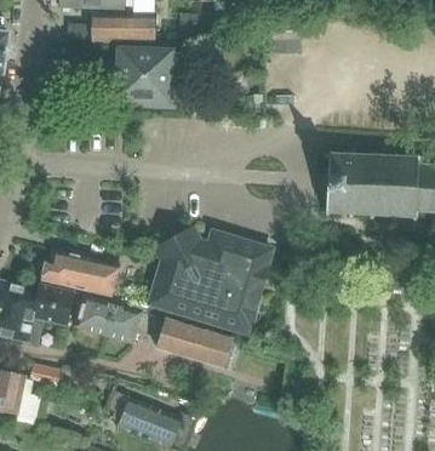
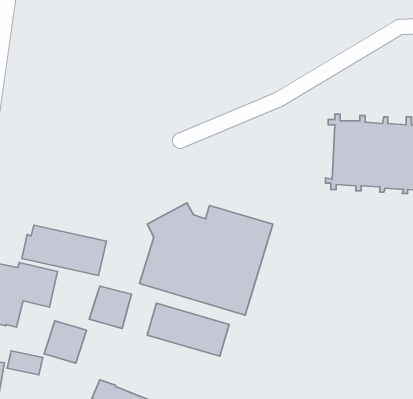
building: [118,50,193,107] -> none
building: [74,296,113,335] -> [44,321,86,363]

